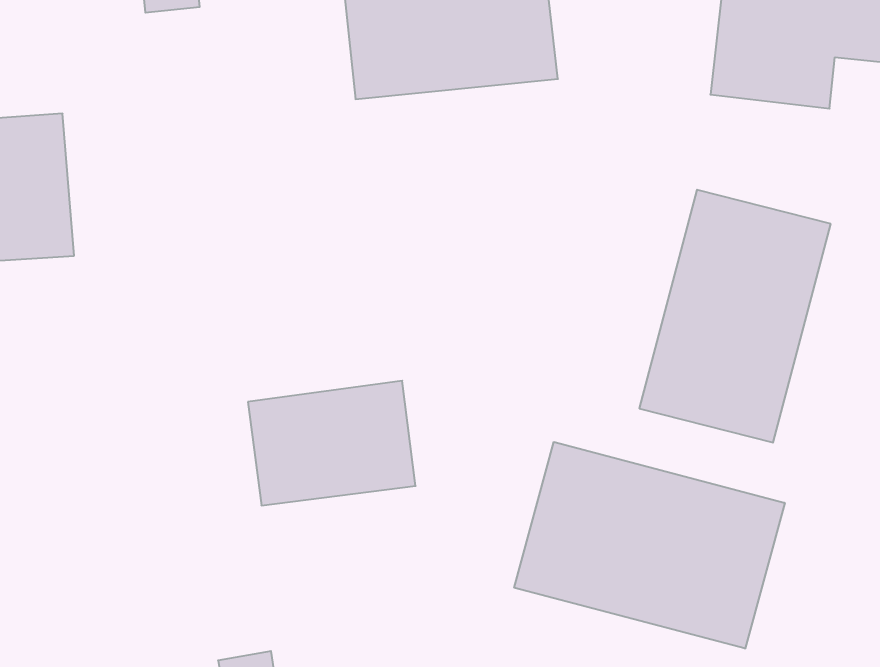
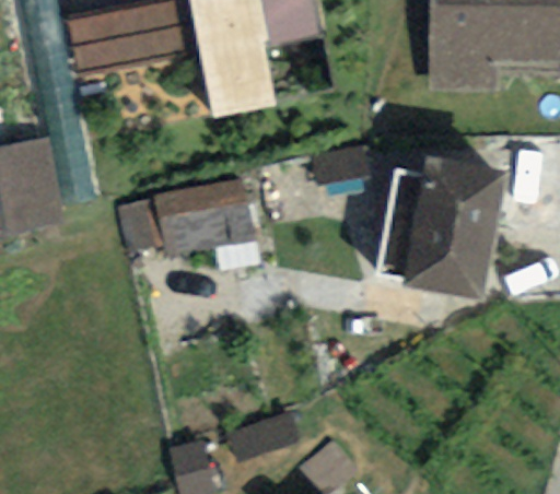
building: [248,381,416,505] -> [151,176,255,258]
building: [514,442,785,649] -> none

